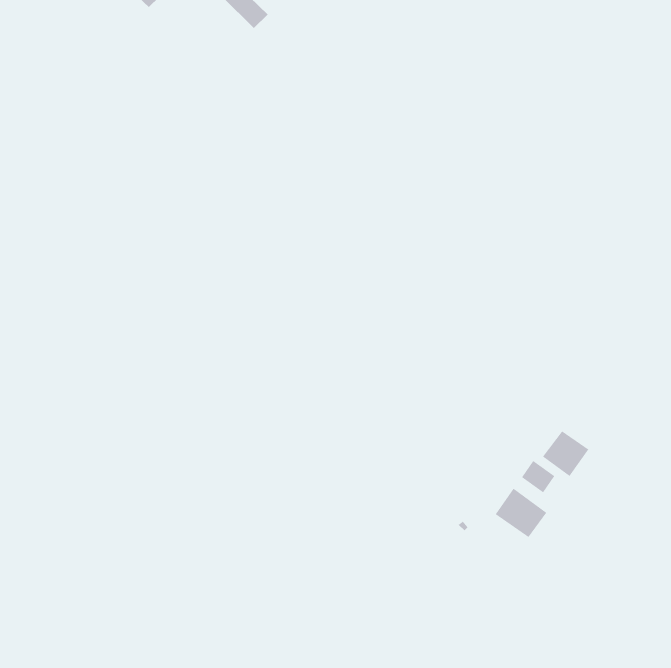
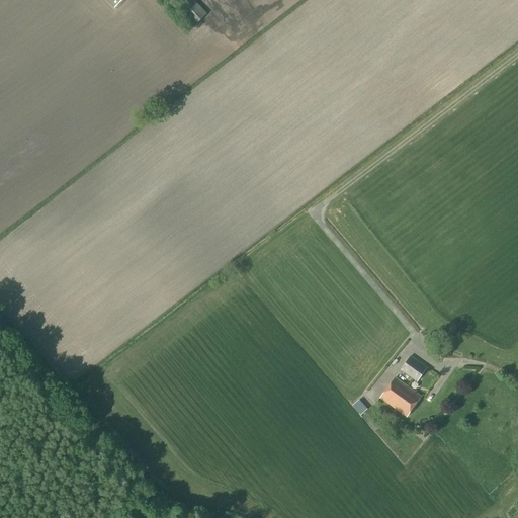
building: [542,430,589,477] -> none

